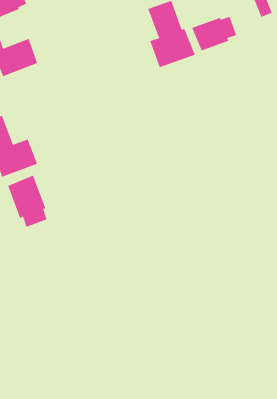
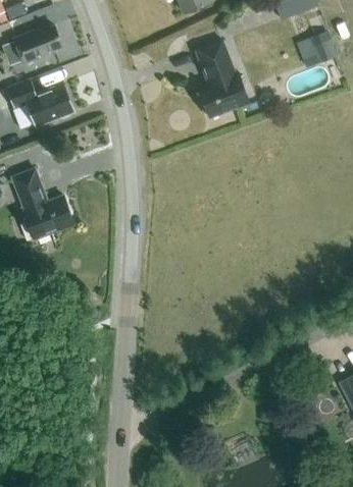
building: [191,16,237,51] -> none
building: [7,175,48,228] -> none

